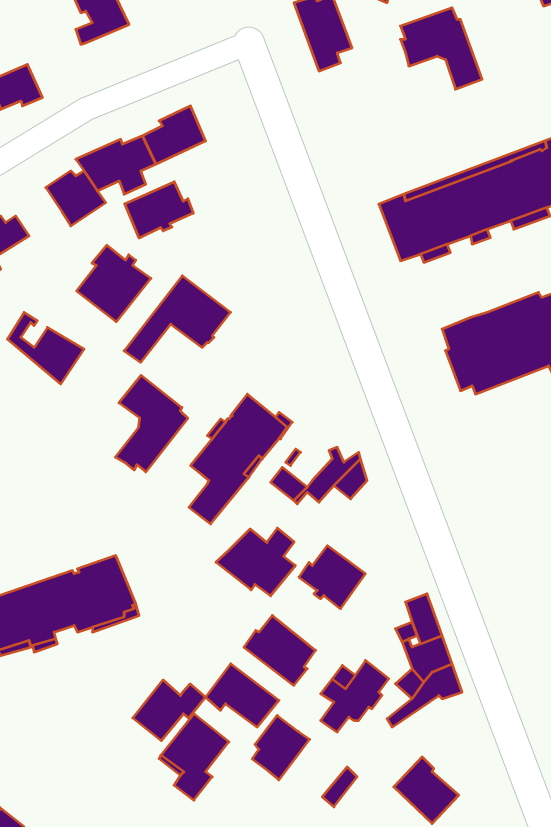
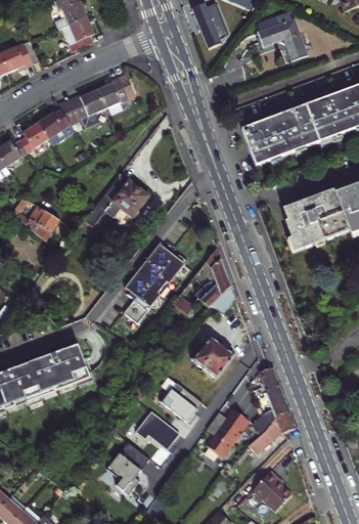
building: none -> [62,19,95,53]
building: [125,182,193,238] -> none
building: none -> [19,120,48,149]
building: [77,245,151,322] -> none
building: [115,375,188,472] -> none
building: none -> [207,248,230,289]
building: [216,528,295,596] -> none
building: [133,680,206,741] -> none
building: [252,715,310,780] -> none

